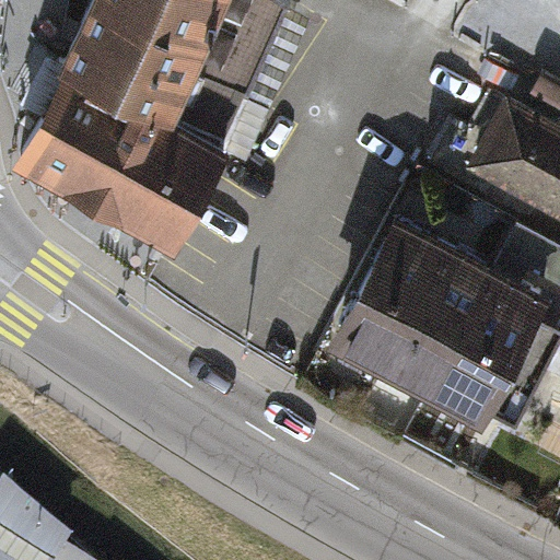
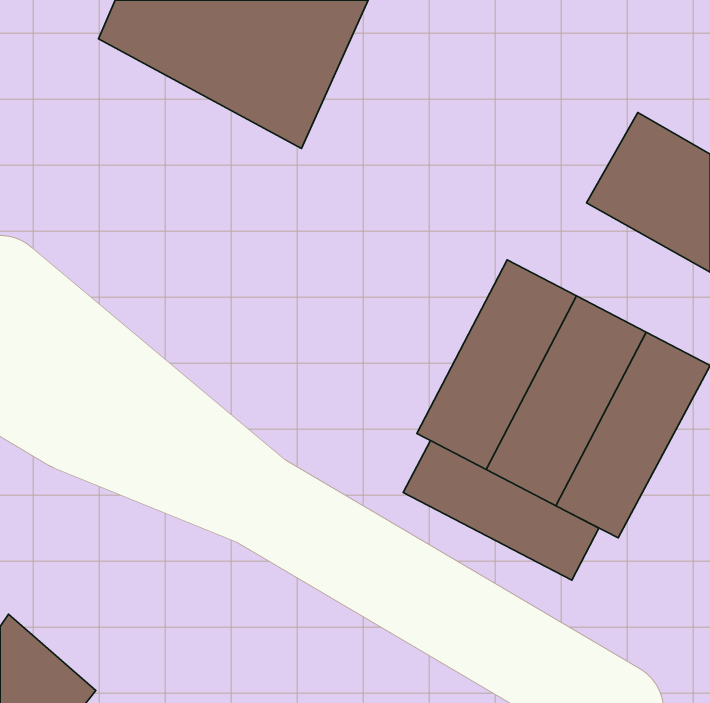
building: [23,36,237,240] -> none
building: none -> [403,441,599,580]

